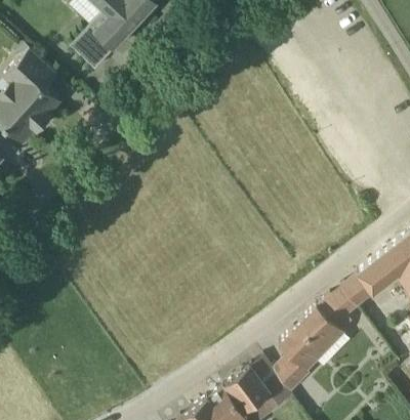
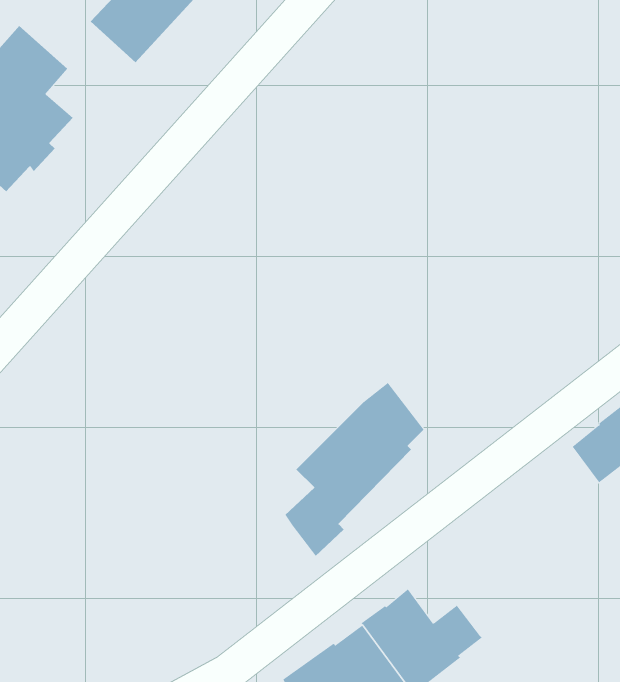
building: [273,294,352,392] -> [285,382,425,557]

